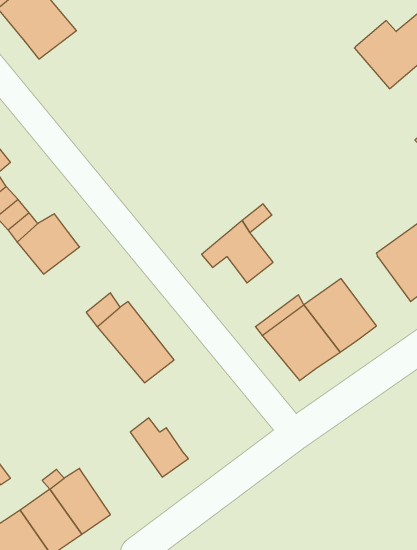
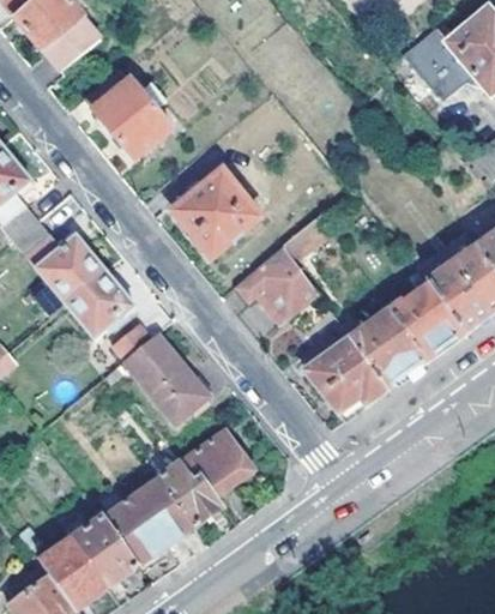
building: none -> [83,73,170,157]
building: none -> [174,169,259,254]
building: none -> [65,272,133,337]
building: none -> [390,283,465,359]
building: none -> [180,429,253,496]
building: none -> [104,475,194,565]

